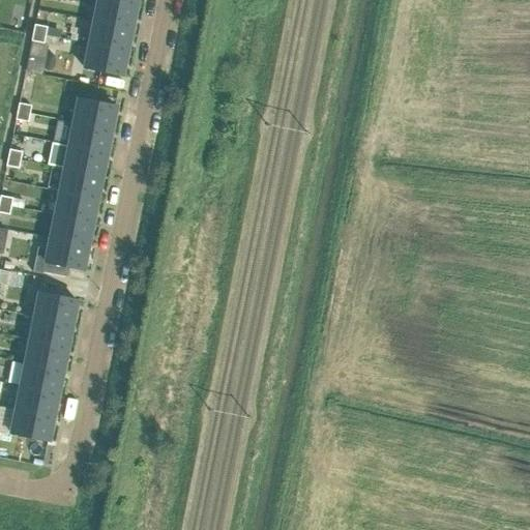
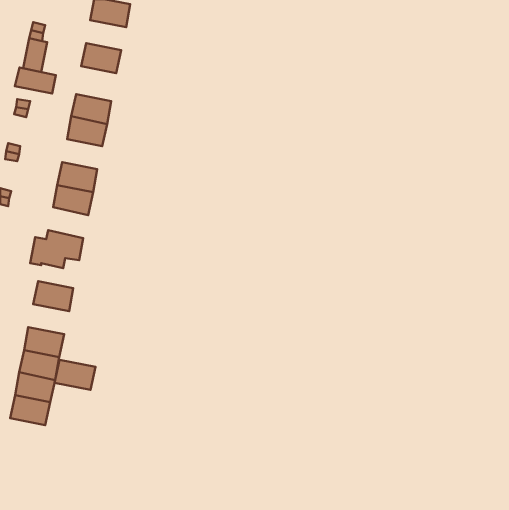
building: [91,21,132,52] -> none
building: none -> [15,67,56,94]
building: [66,144,108,175] -> none
building: [52,214,93,246] -> none
building: [31,315,73,346] -> [54,360,95,390]

